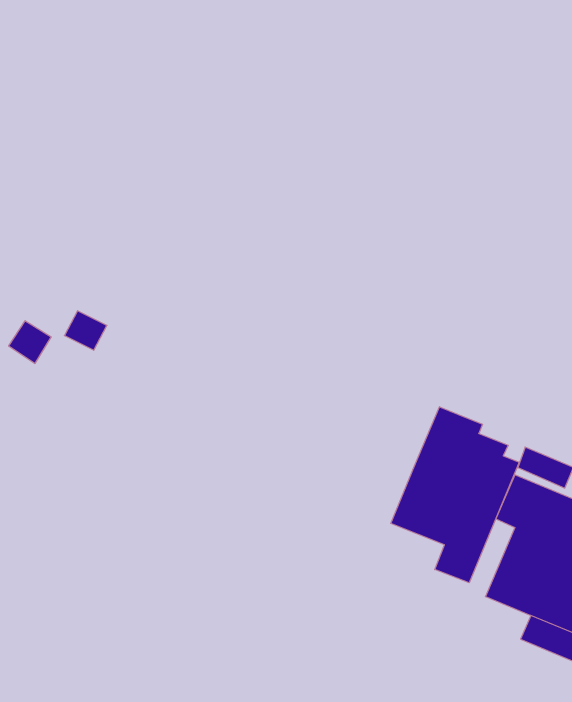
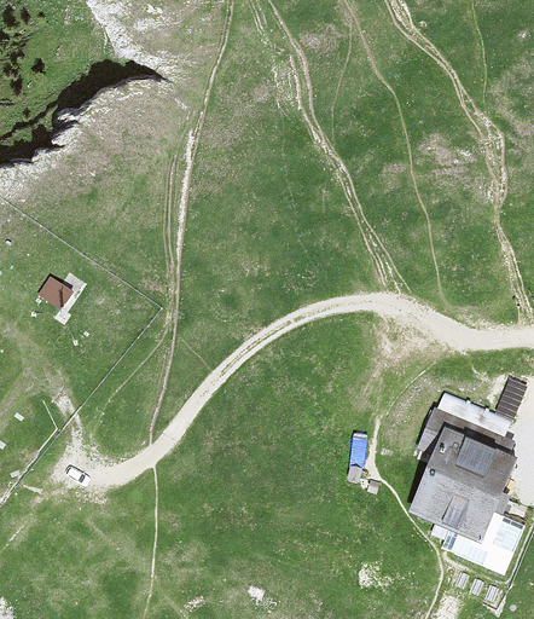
building: [391,407,519,583] -> none

